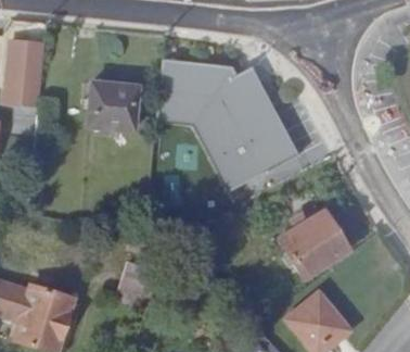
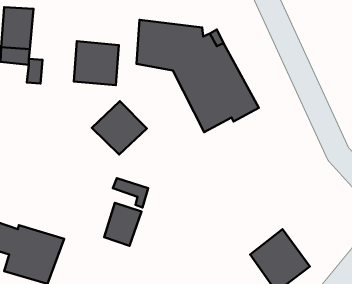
building: none -> [92,101,147,155]
building: [278,213,346,281] -> none

